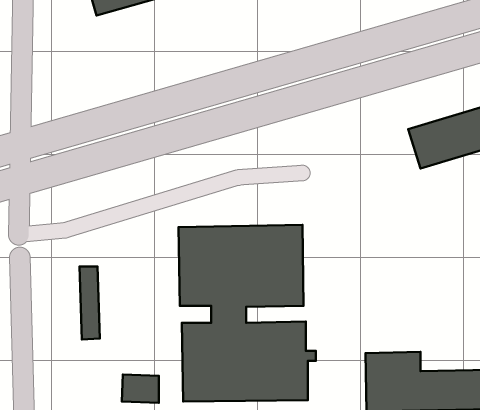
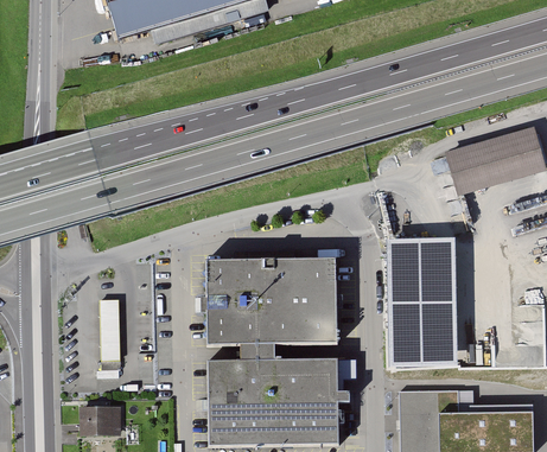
building: none -> [386,238,459,365]
building: [122,375,159,403] -> [82,408,121,438]

